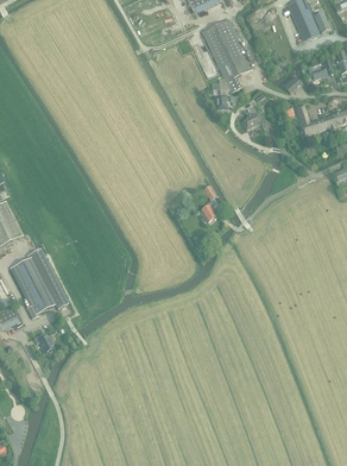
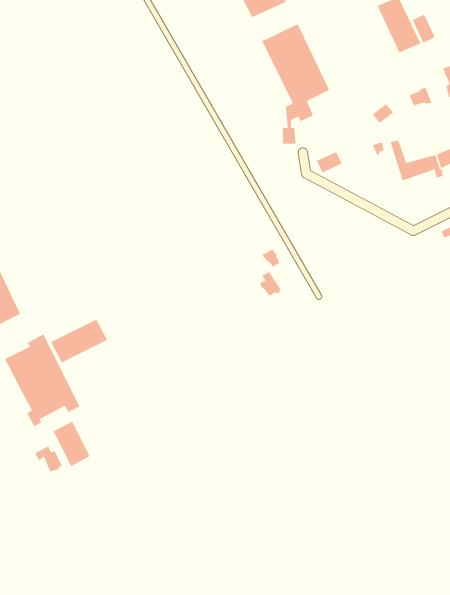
building: none -> [50,319,108,363]
building: none -> [53,420,91,467]

